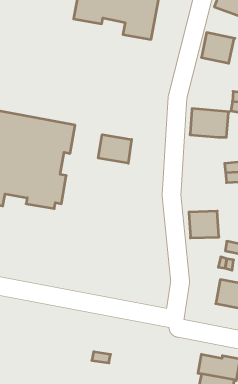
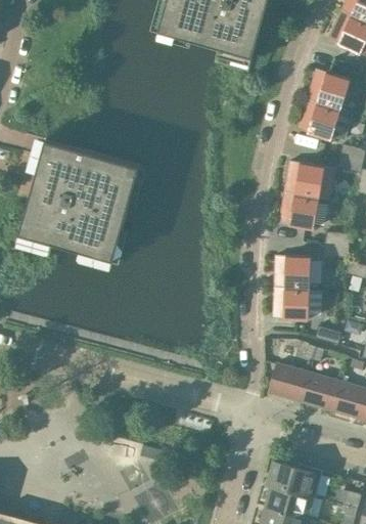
building: none -> [298,98,339,139]
building: [98,135,132,163] -> none
building: none -> [279,191,318,228]
building: none -> [274,255,310,288]
building: none -> [267,362,305,400]

